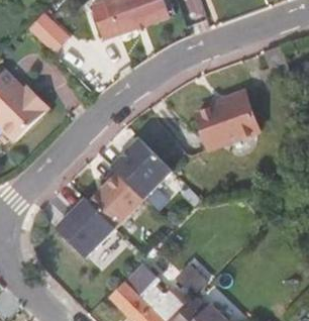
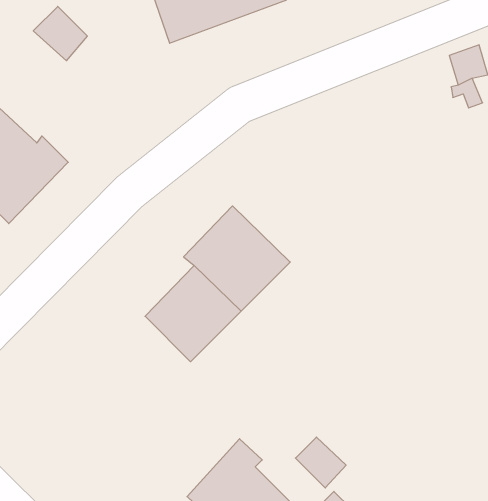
building: [198,83,260,143] -> none
building: [59,189,117,250] -> none

